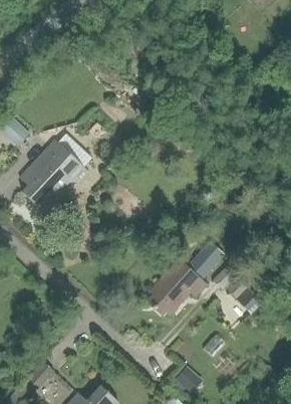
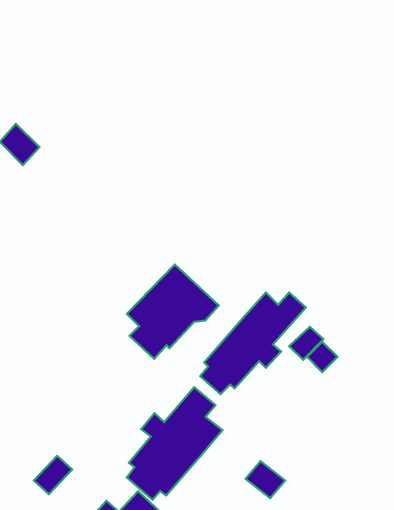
building: [20,140,87,209] -> [127,264,219,359]
building: none -> [127,387,223,500]

